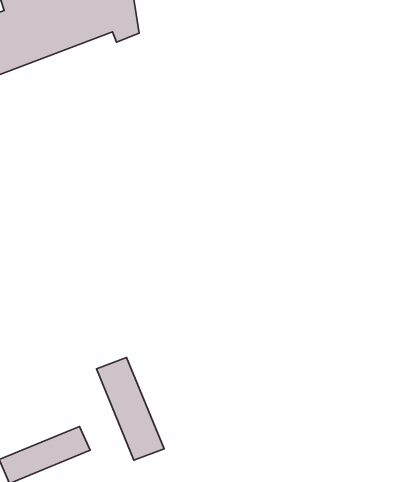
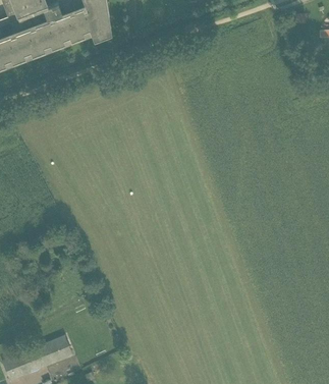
building: [96,357,164,460] -> none

